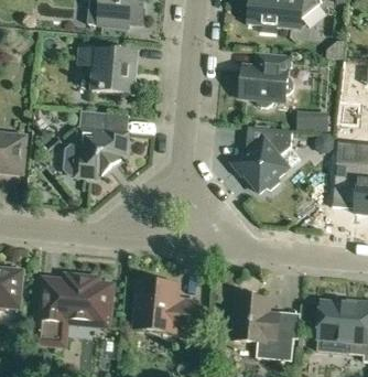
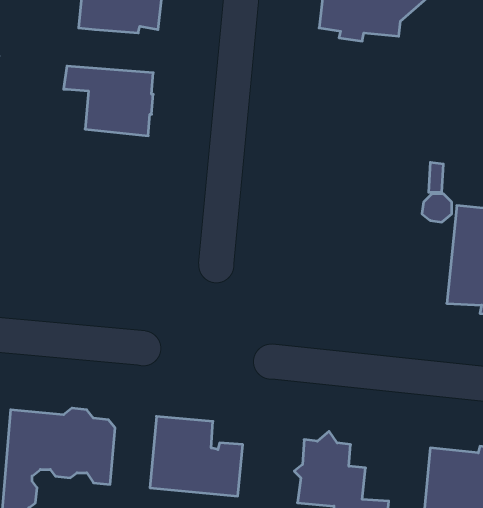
building: [239,52,293,107] -> none
building: [64,110,127,177] -> none
building: [234,126,299,192] -> none

